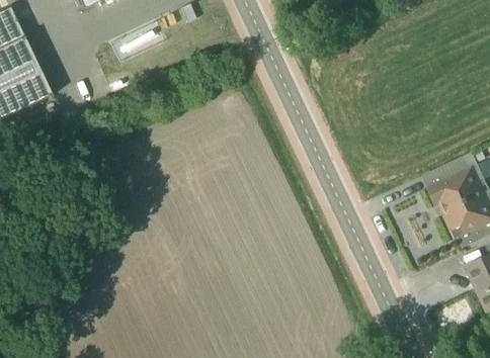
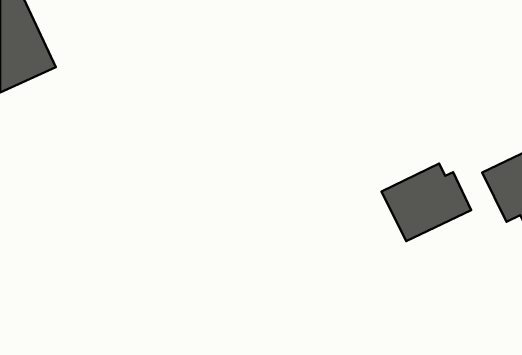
building: none -> [381,163,471,241]

